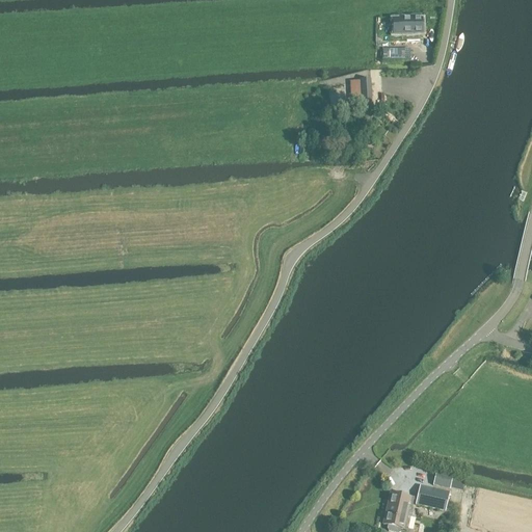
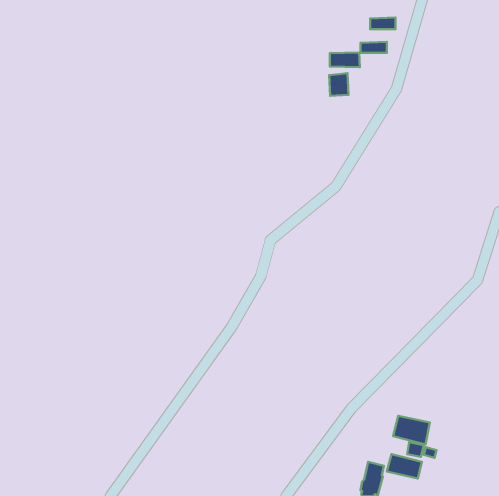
building: none -> [330,53,360,67]
building: none -> [393,416,430,444]

